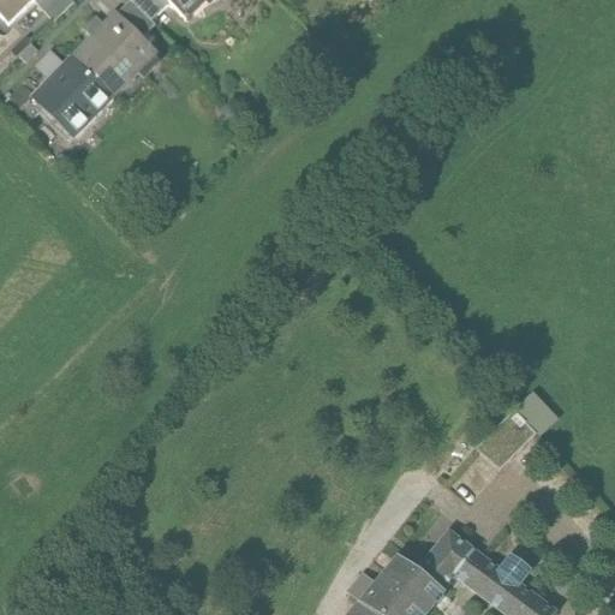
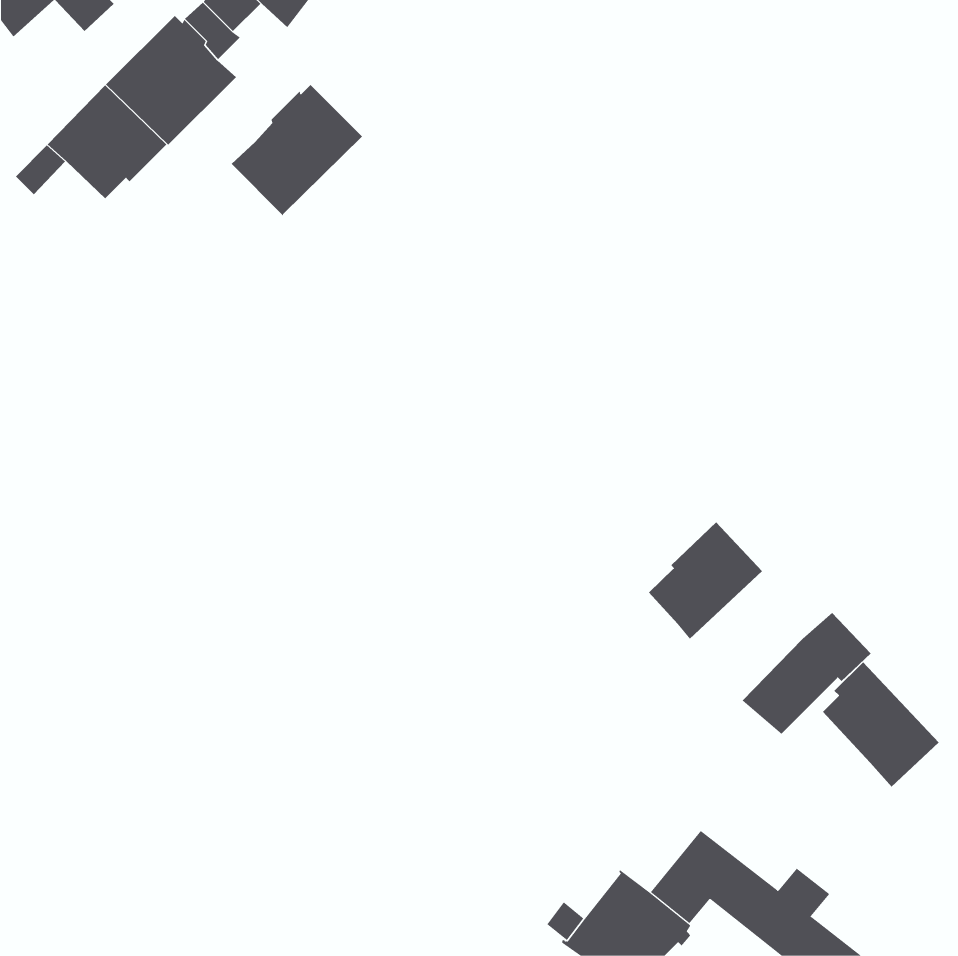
building: none -> [231,84,363,216]
building: none -> [648,521,763,639]
building: none -> [822,661,939,787]

